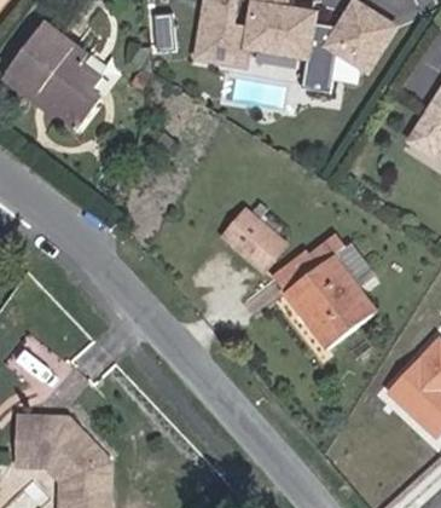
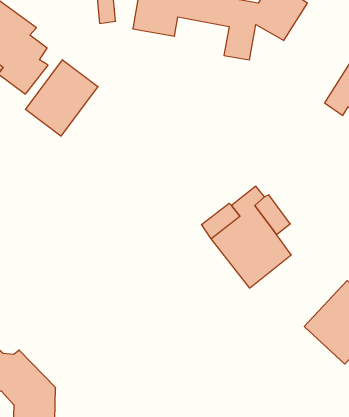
building: none -> [26,60,98,136]
building: [224,209,285,267] -> none

